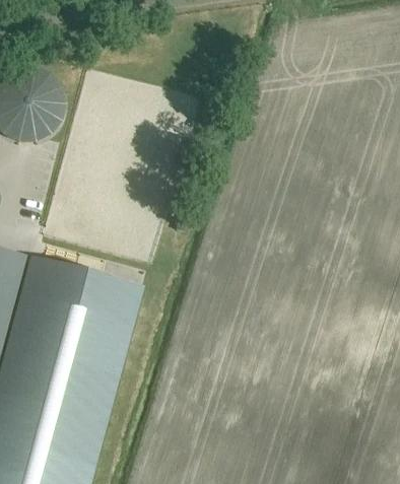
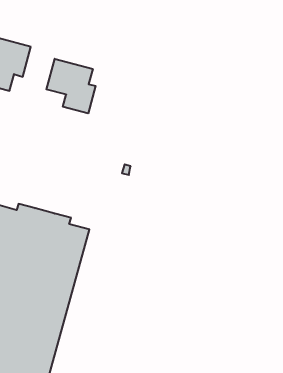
building: none -> [46,59,96,113]

